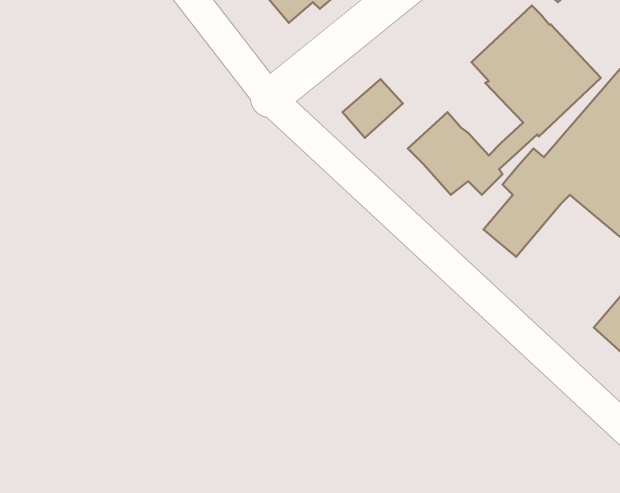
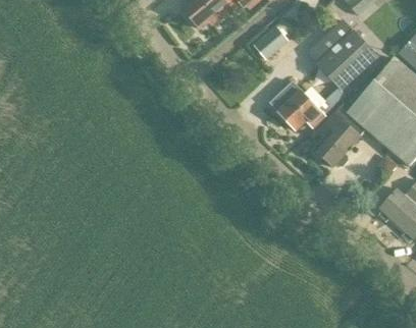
building: [342,79,403,138] -> [253,25,289,60]

